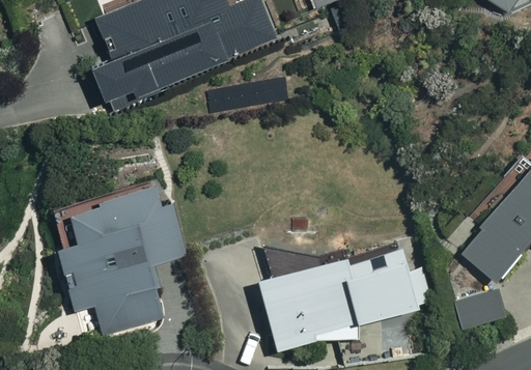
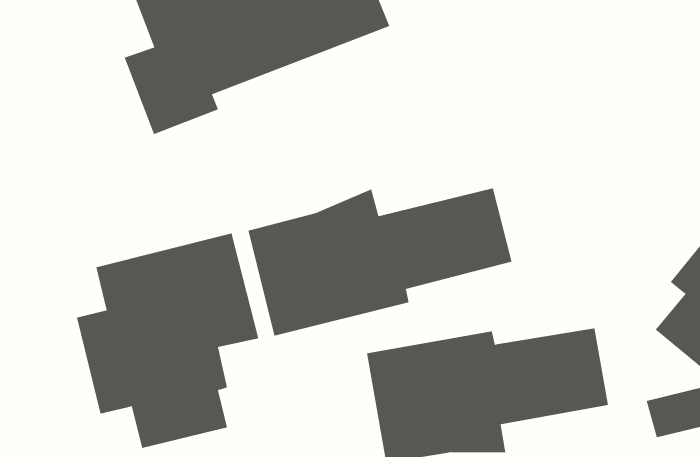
building: none -> [248,188,512,336]

